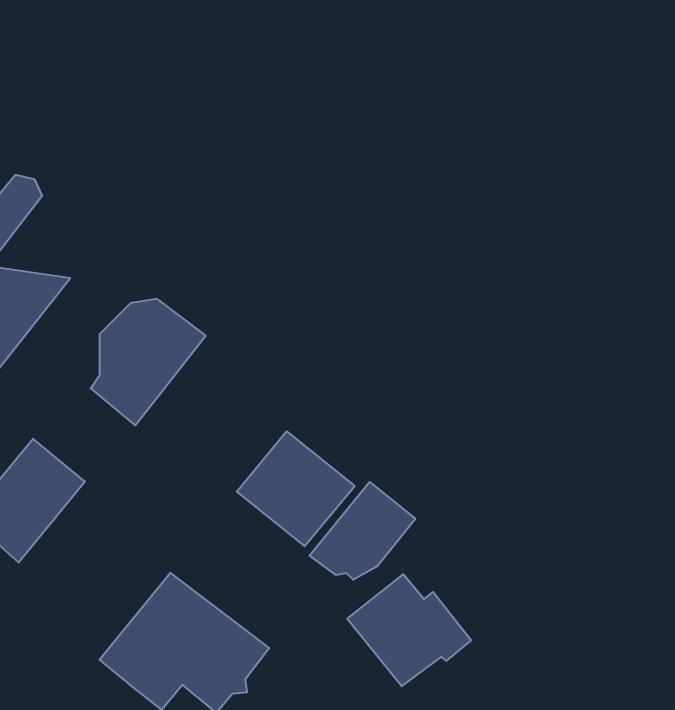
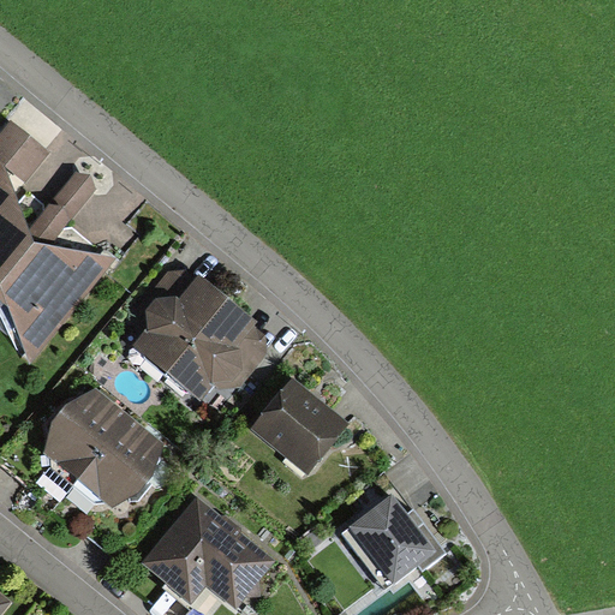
building: none -> [169,301,265,399]
building: none -> [74,420,162,506]
building: [309,482,415,580] -> none

